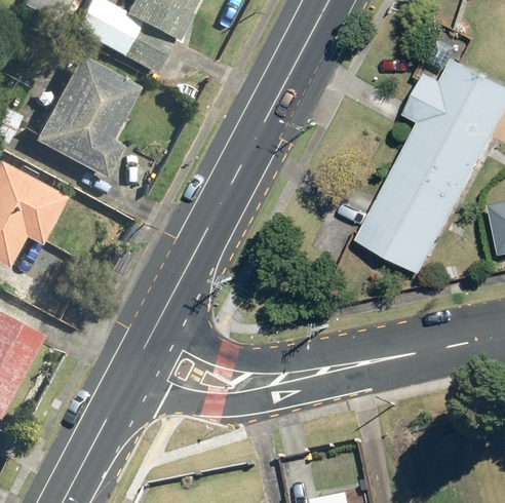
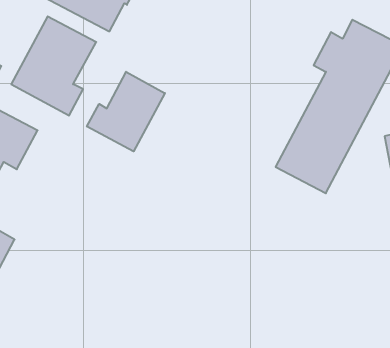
building: none -> [87,72,165,151]

